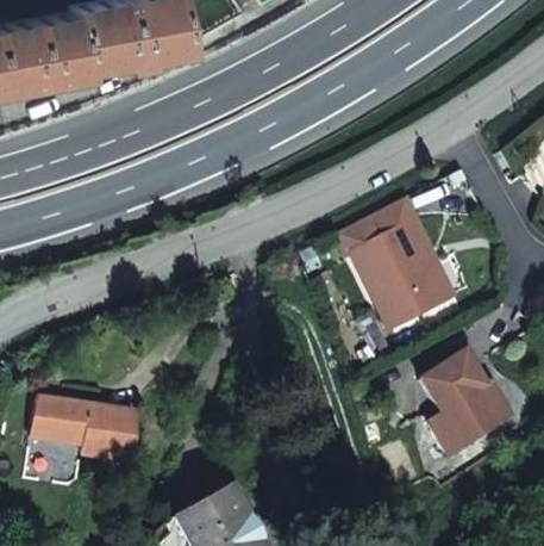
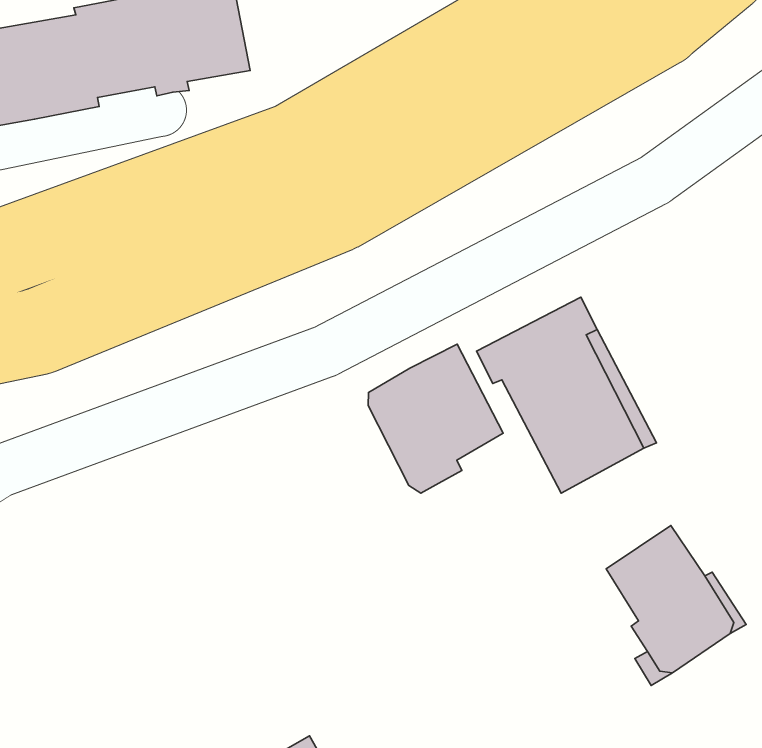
building: none -> [368,344,503,493]
building: [31,397,137,461] -> none

